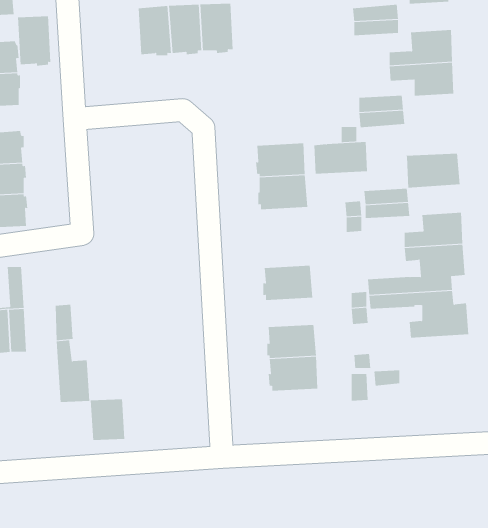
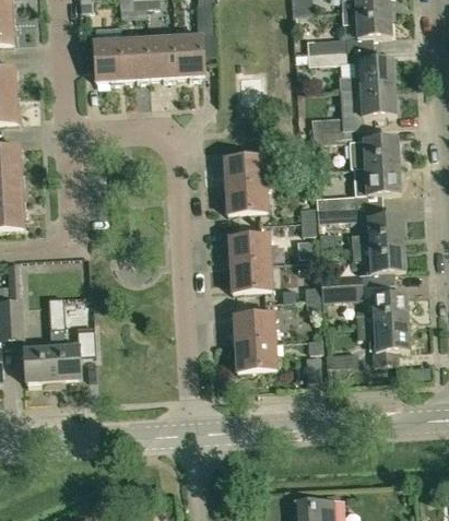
building: [17,16,51,66] -> [94,39,123,83]
building: [314,141,368,174] -> [352,139,399,167]
building: none -> [227,235,271,264]
building: none -> [357,322,410,364]
building: [90,399,125,441] -> [23,346,54,382]

